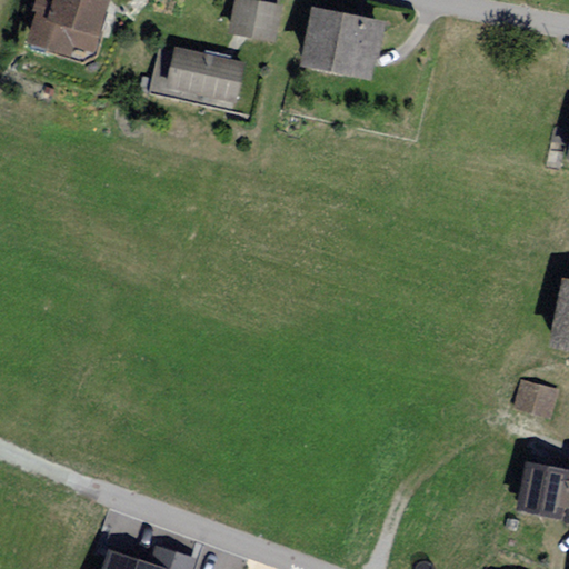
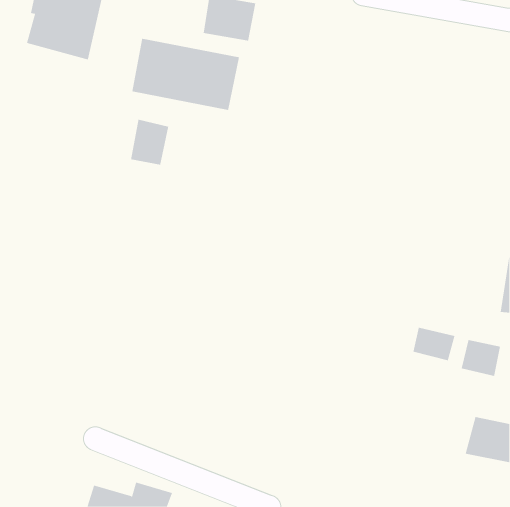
building: [303,8,390,82] -> none
building: none -> [130,119,169,165]
building: none -> [413,327,455,361]

